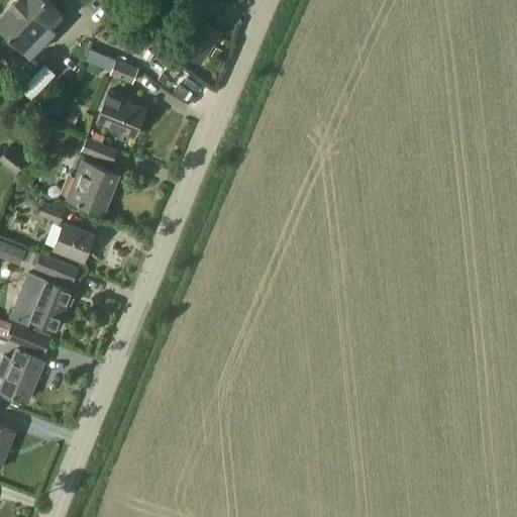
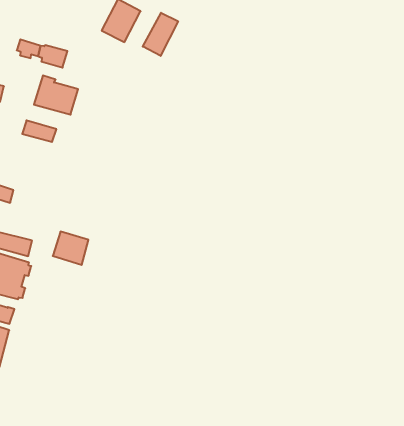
building: none -> [143,13,178,56]
building: [66,159,119,213] -> none
building: [55,223,95,262] -> [53,232,88,265]

